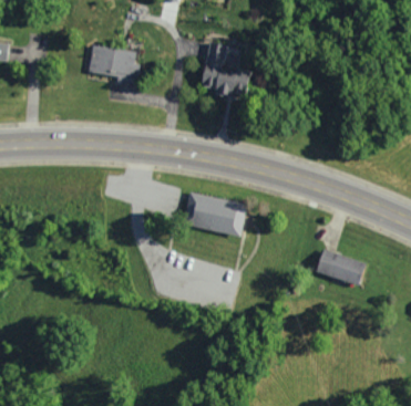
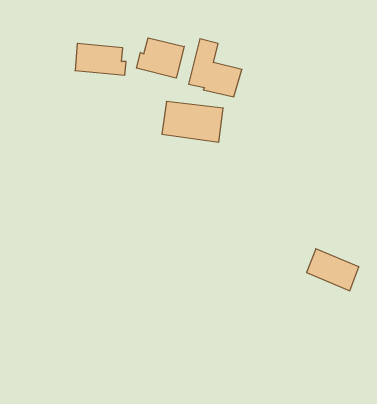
building: none -> [136,38,184,78]
building: [184,195,244,235] -> [162,101,223,142]

